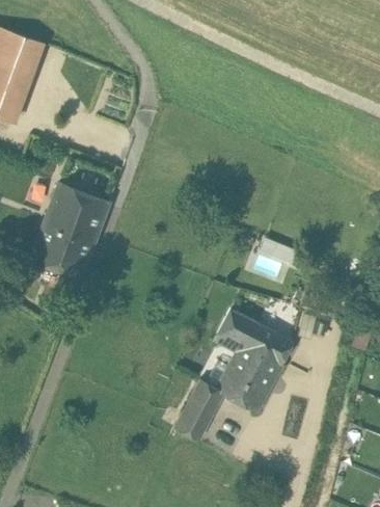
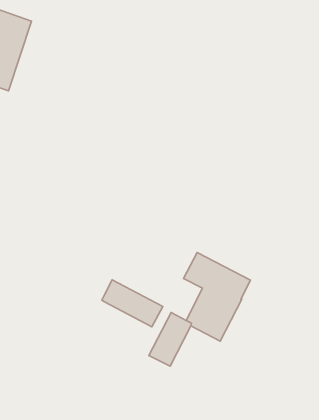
building: [31,184,109,277] -> none
building: none -> [102,280,163,327]

